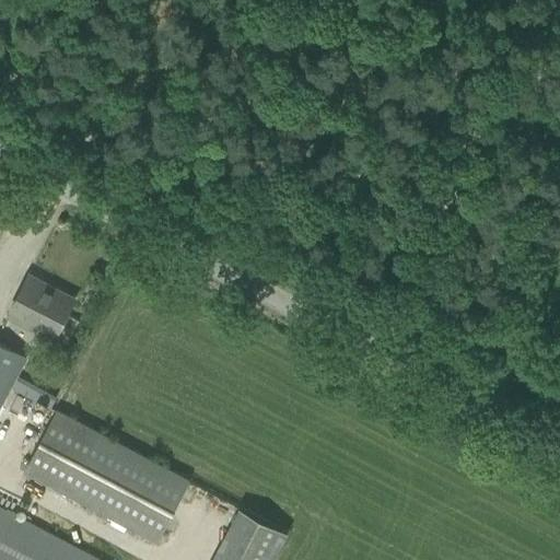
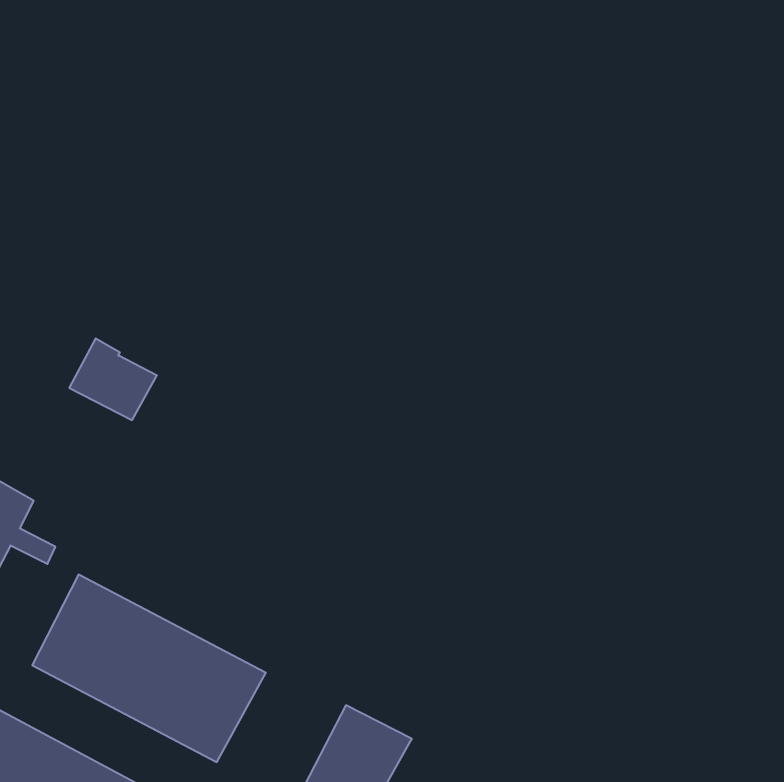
building: [9,277,71,335] -> [69,339,157,420]

